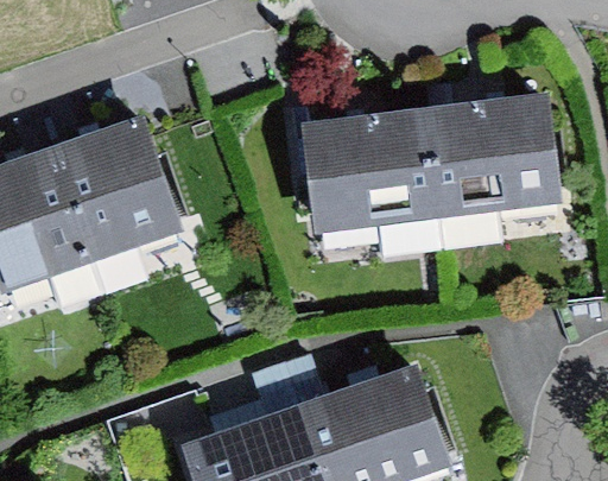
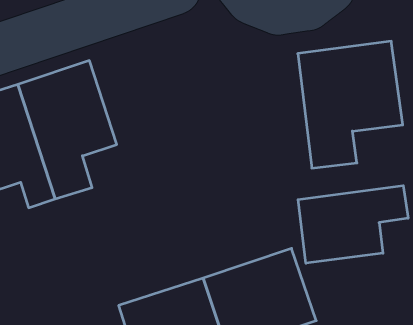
building: [299,106,442,268] -> none
building: none -> [298,186,408,263]

